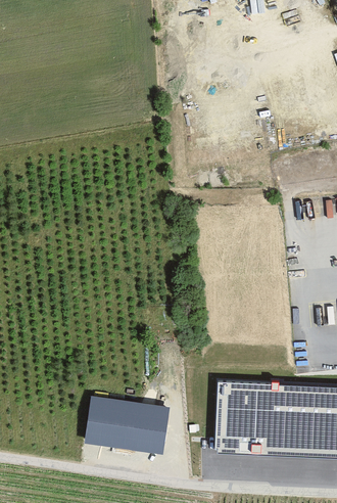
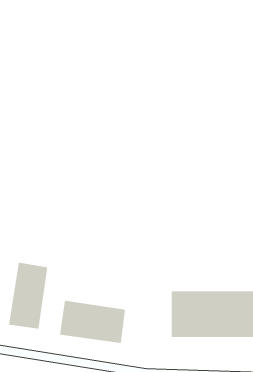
building: none -> [8,262,48,330]

